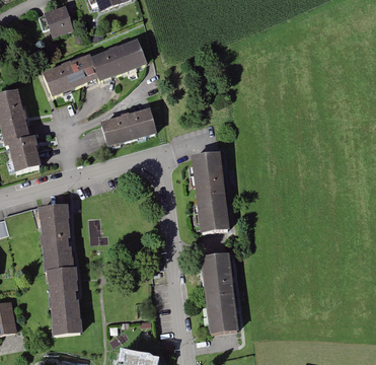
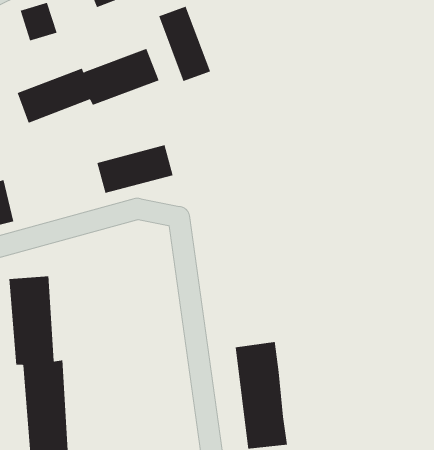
building: none -> [158,6,211,82]
building: [192,152,231,232] -> none

